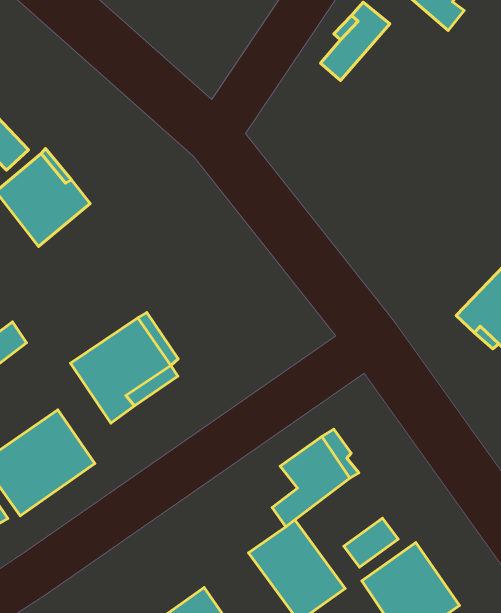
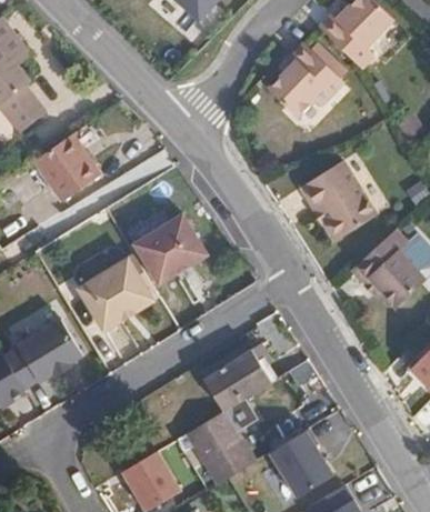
building: none -> [280,60,339,120]
building: none -> [299,161,374,240]
building: none -> [131,217,200,283]

